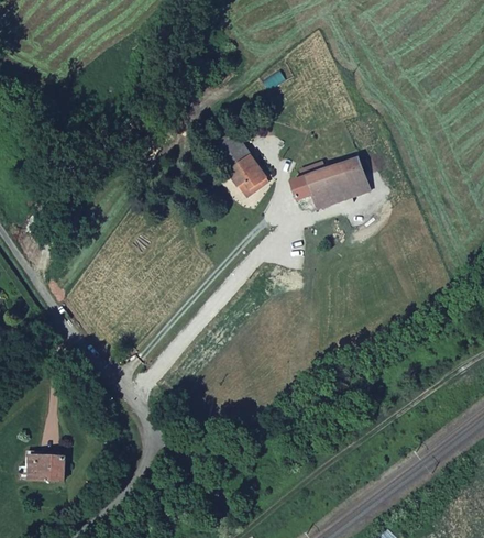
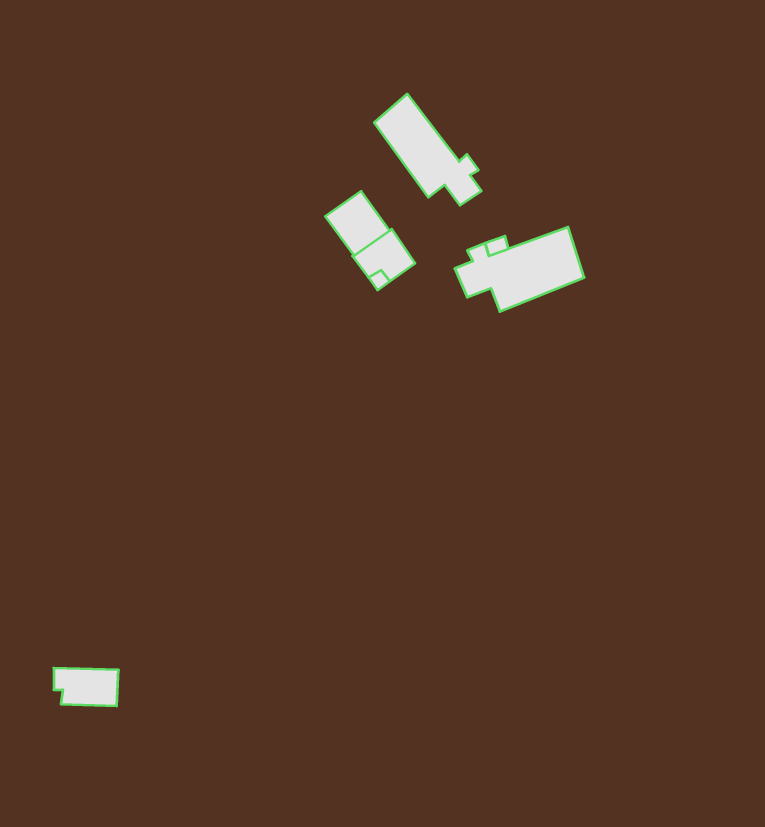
building: none -> [374,94,481,205]
building: [26,457,66,480] -> [54,668,119,706]

